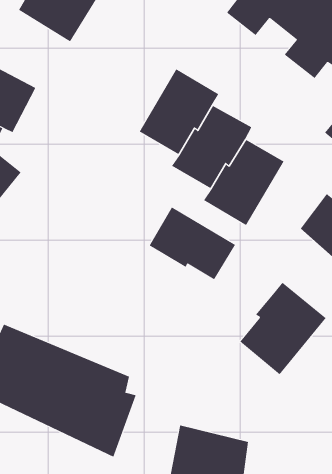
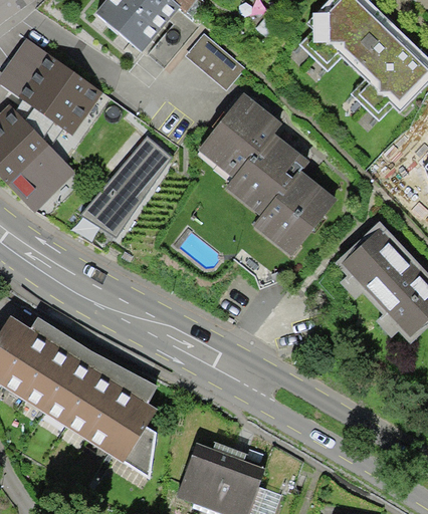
building: none -> [185,34,243,88]
building: none -> [79,136,172,237]
building: [149,207,236,280] -> none
building: [240,282,327,375] -> none

